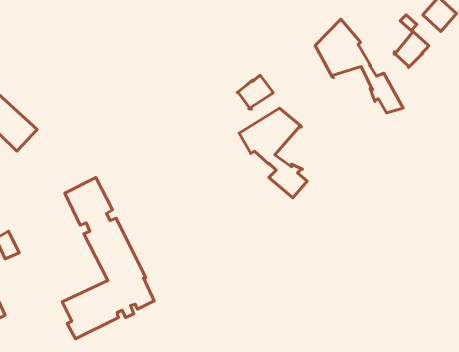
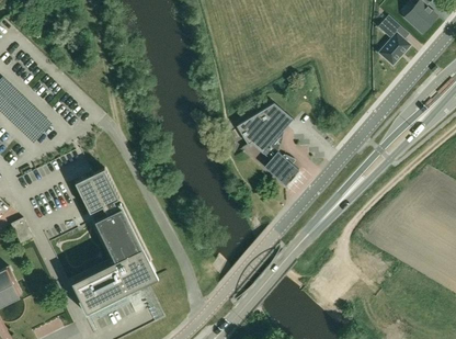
building: [315,19,403,113] -> none
building: [237,75,273,109] -> none

